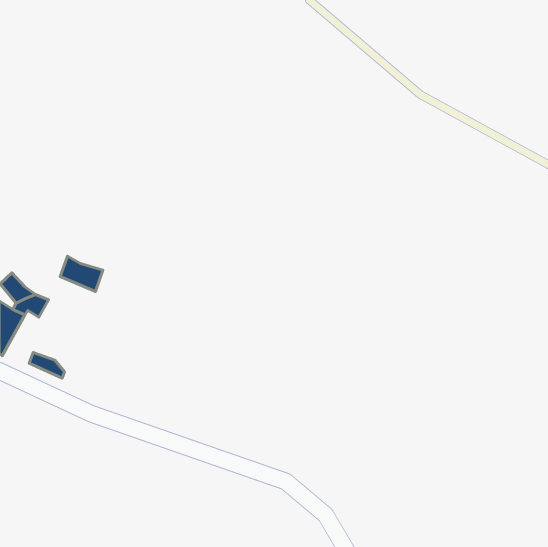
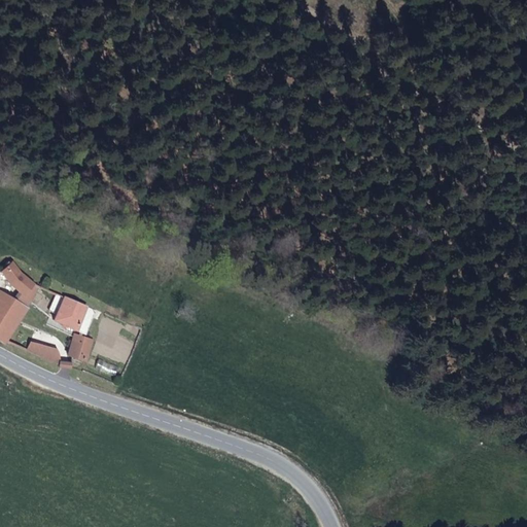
building: [60,256,103,292] -> [52,296,94,330]
building: none -> [69,331,92,360]

